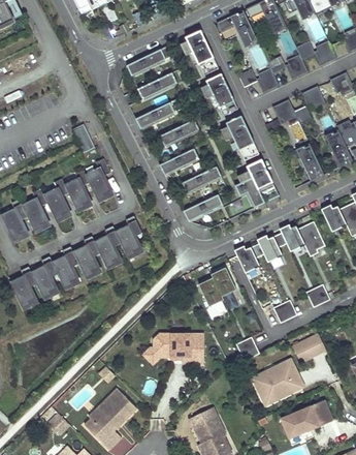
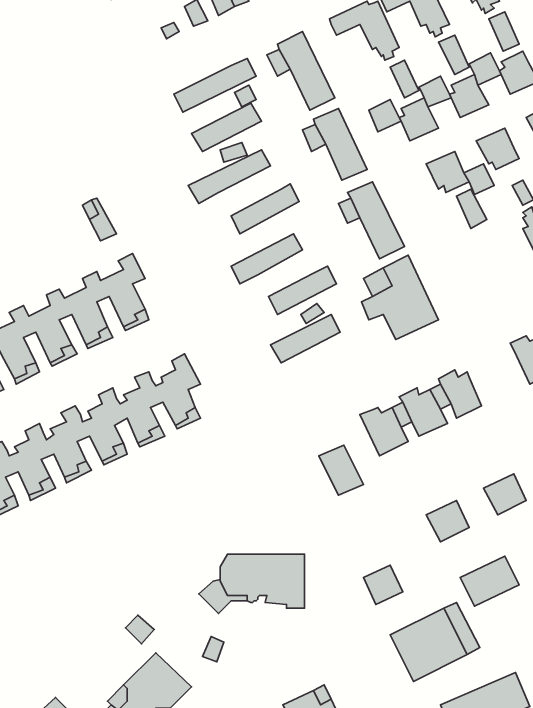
building: [298,146,322,181] -> none
building: [296,222,324,257] -> none
building: [197,279,222,308] -> none

